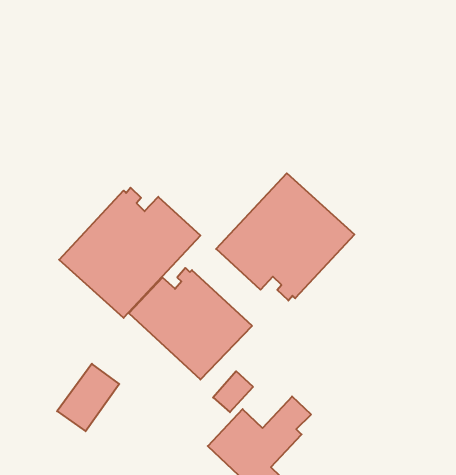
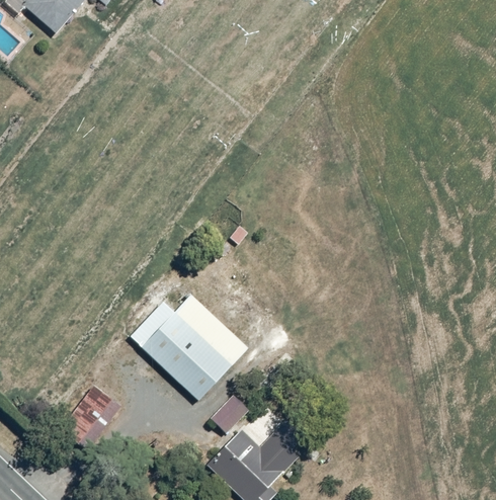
building: [216,173,354,301] -> none
building: [59,188,200,318] -> none

